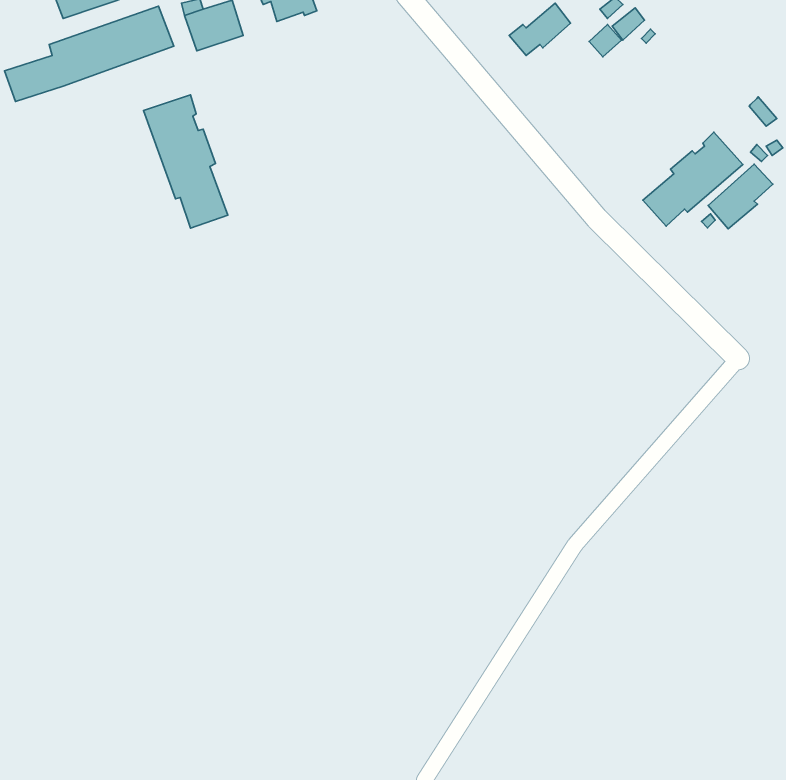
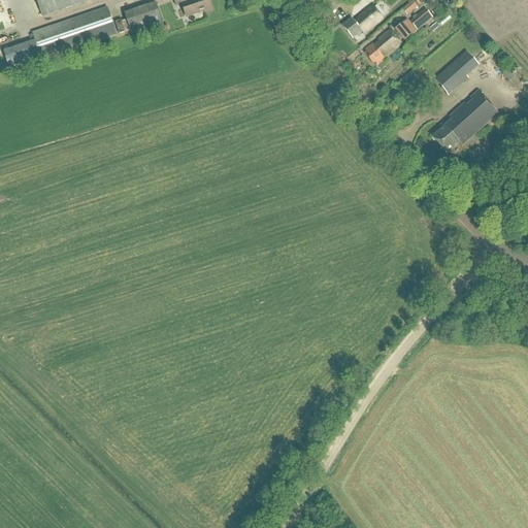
building: none -> [365,26,402,62]
building: [144,95,228,228] -> none
building: [708,164,773,229] -> [435,48,478,92]

